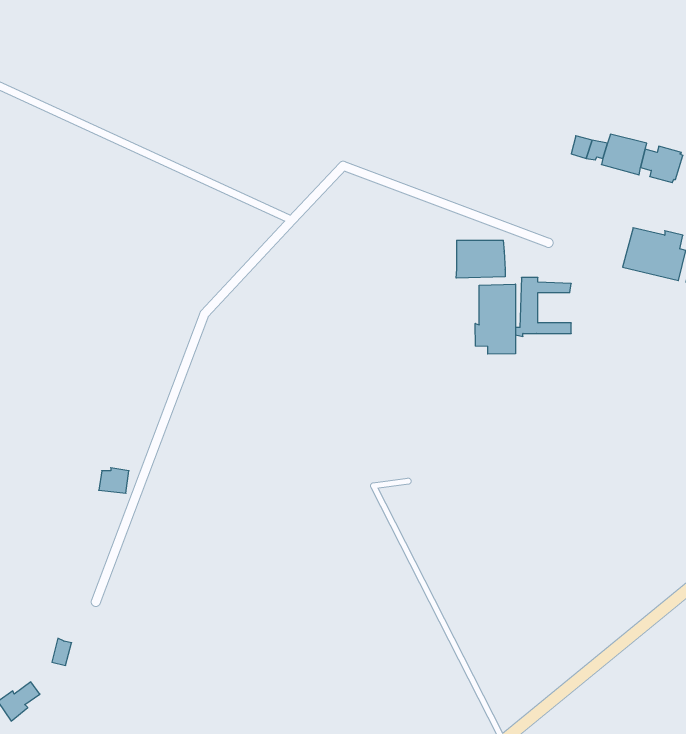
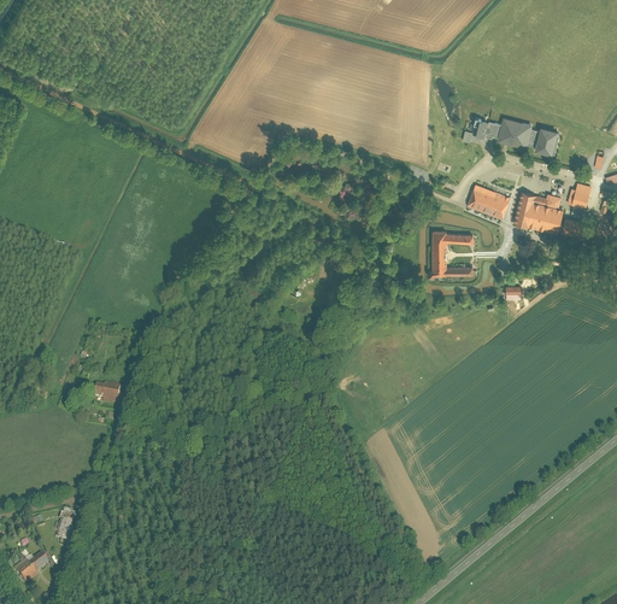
building: none -> [468,184,509,219]
building: [456,240,505,278] -> none
building: [475,284,515,354] -> none

